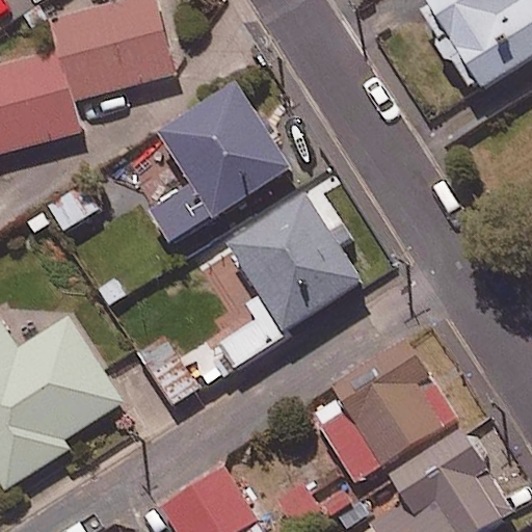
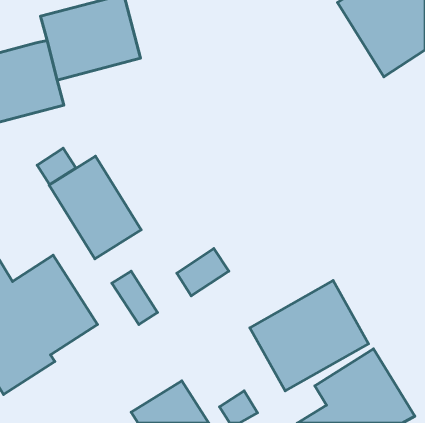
building: [150,84,291,245] -> none
building: none -> [49,156,141,259]
building: [230,196,362,332] -> none

